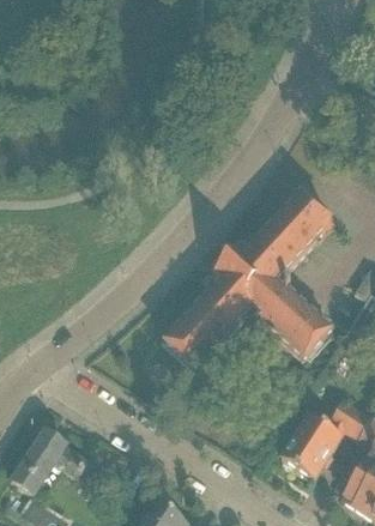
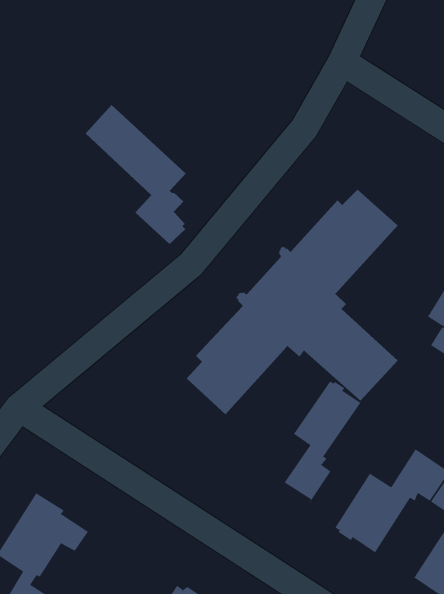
building: none -> [85,104,186,245]
building: none -> [284,380,361,503]

